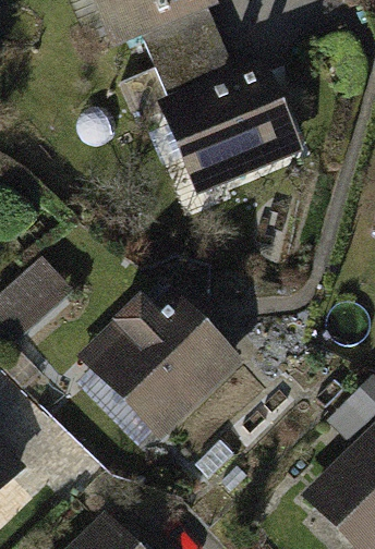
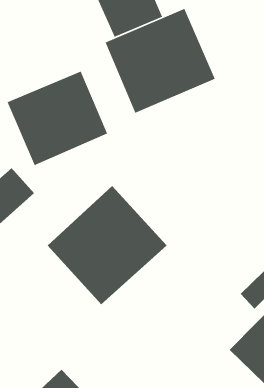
building: none -> [7,70,108,166]

